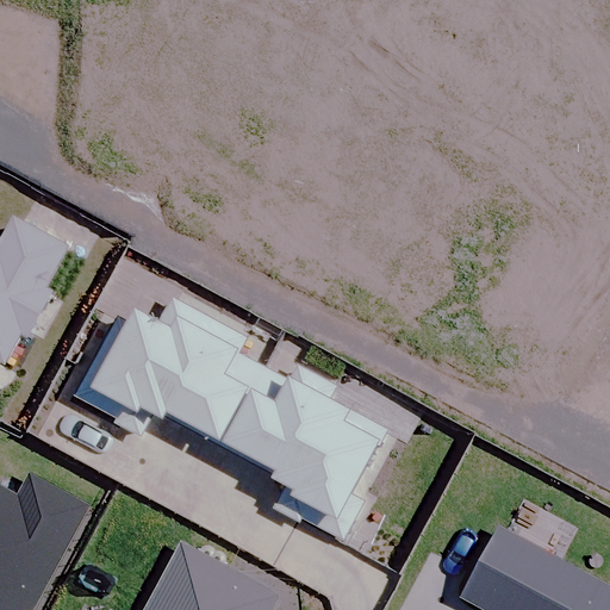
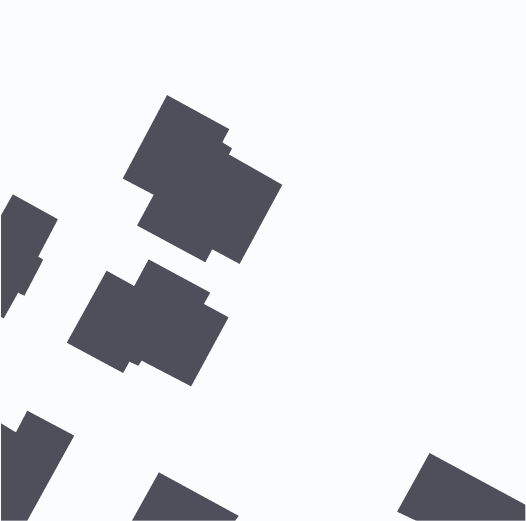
building: none -> [122,94,283,265]
building: [222,366,388,537] -> none

